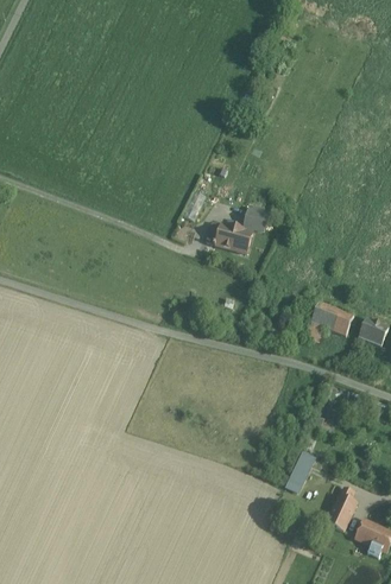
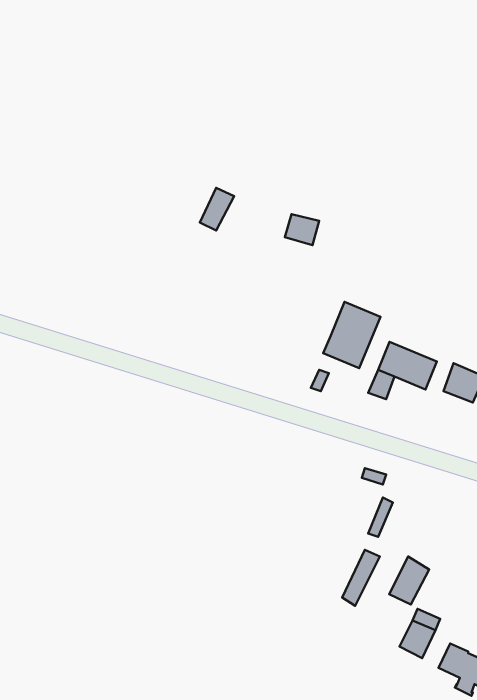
building: [207,222,253,252] -> none
building: none -> [323,302,380,368]
building: none -> [389,556,429,605]

